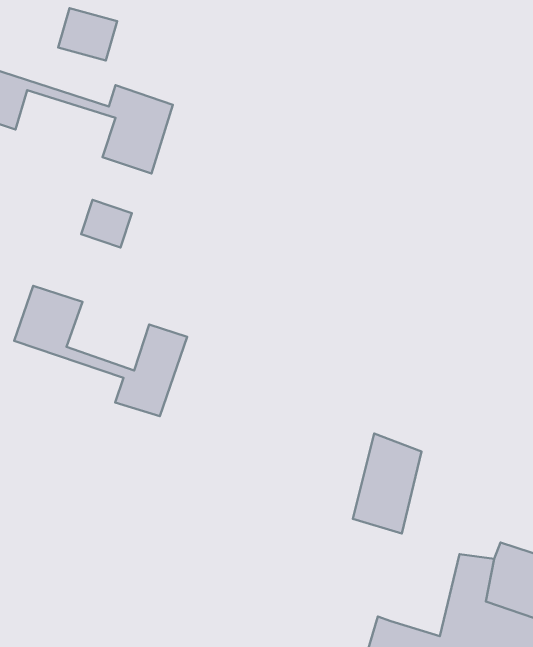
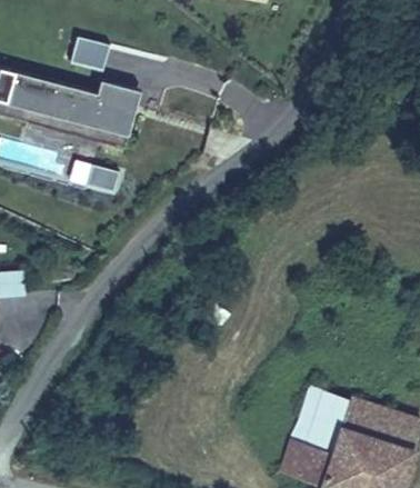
building: none -> [36,84,103,130]
building: [14,286,187,416] -> none
building: [353,434,422,534] -> [290,387,337,455]

